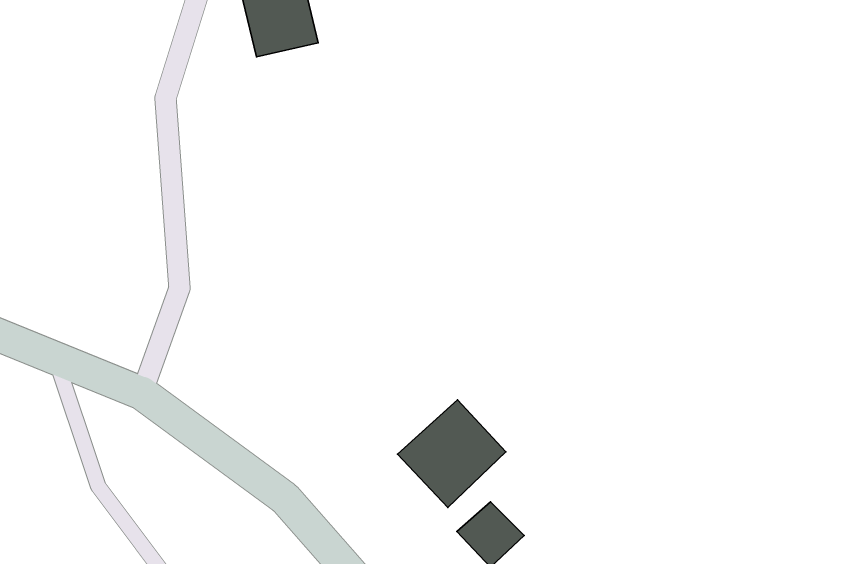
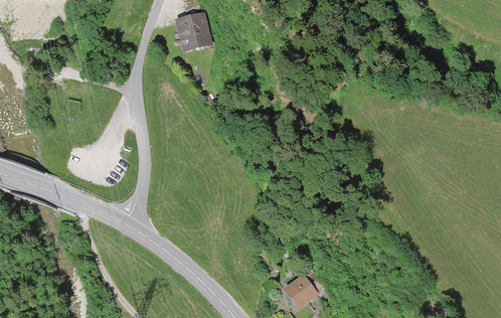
building: [398,400,506,507] -> none

